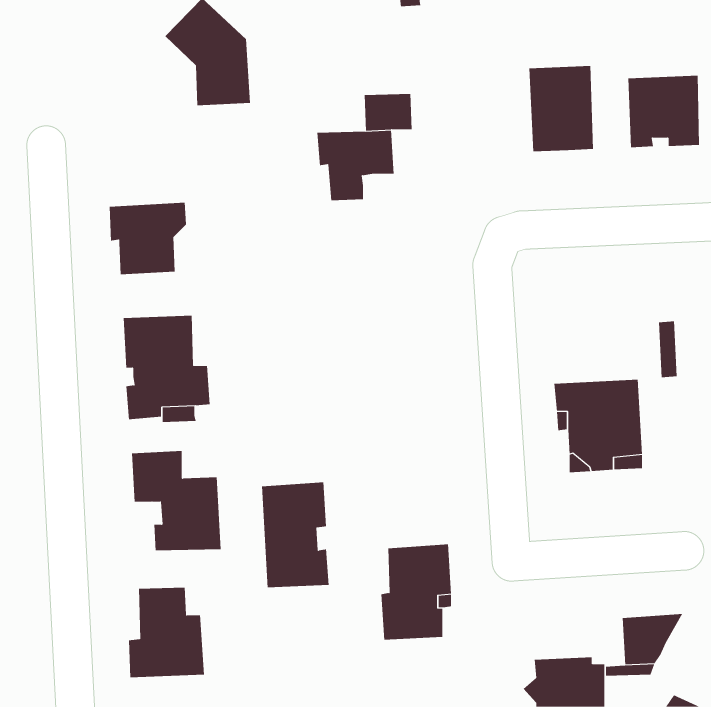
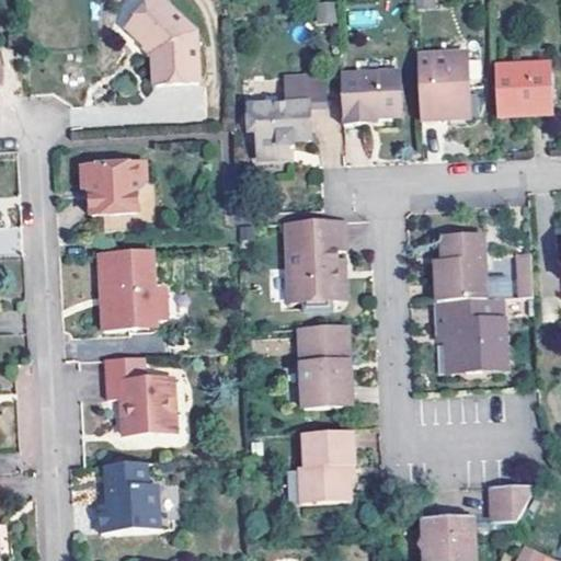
building: none -> [341,68,394,122]
building: none -> [286,219,348,313]
building: none -> [433,230,513,301]
building: [261,482,330,588] -> [299,322,353,405]

